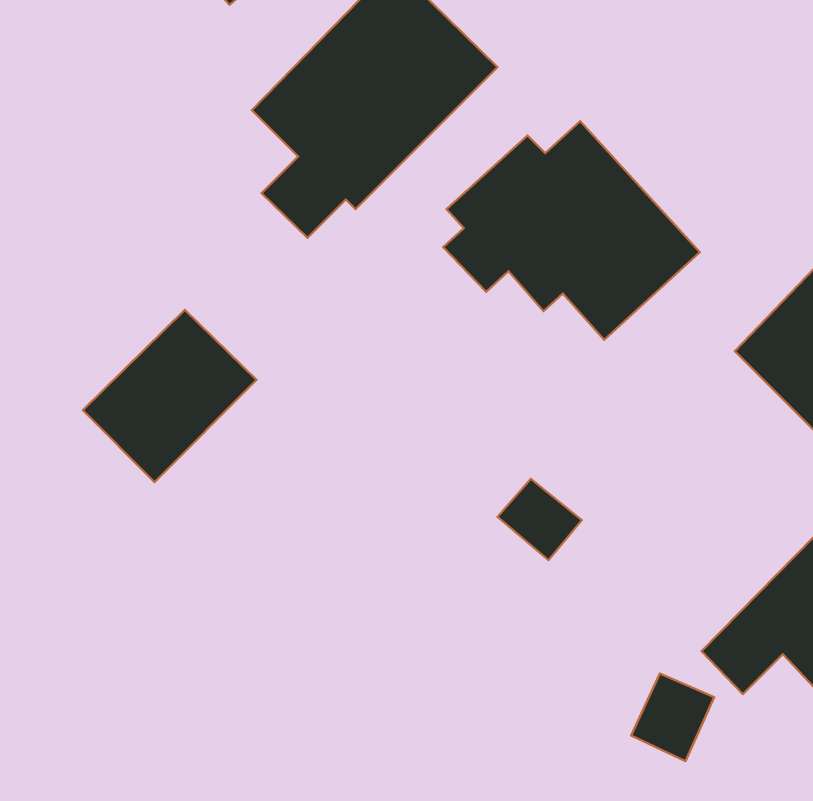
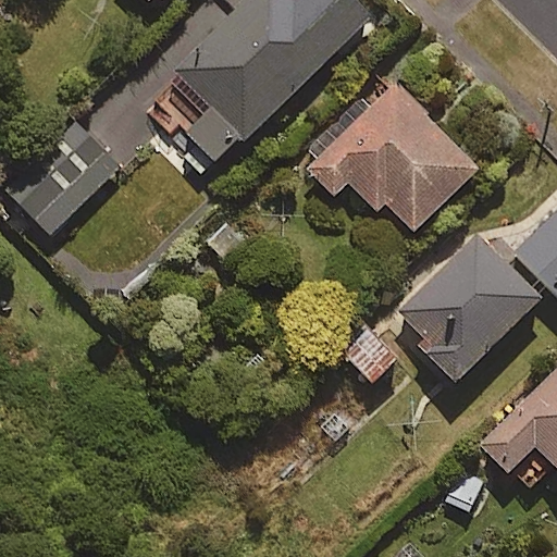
building: [83,310,257,482] -> [5,120,124,237]
building: none -> [392,234,542,383]

